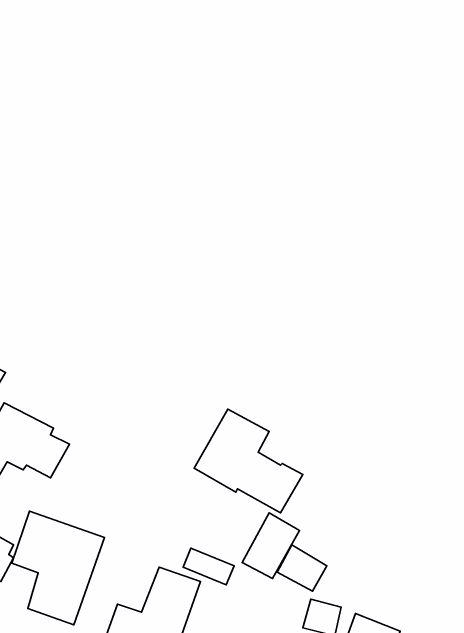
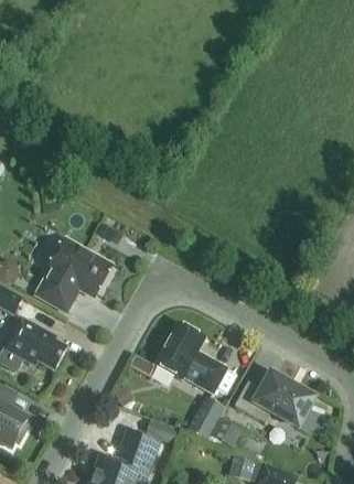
building: none -> [36,238,111,310]
building: none -> [234,374,314,427]
building: [12,511,105,625] -> none

